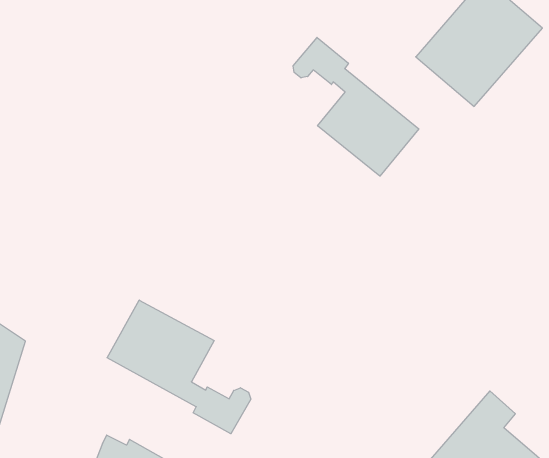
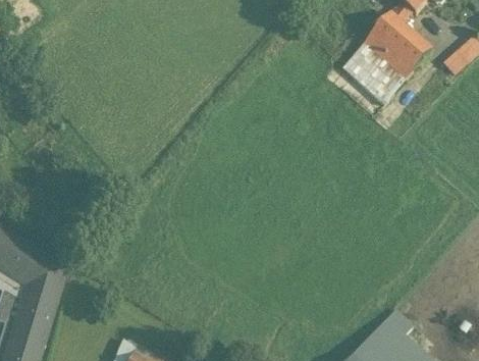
building: [293,37,419,176] -> none
building: [107,300,251,434] -> none

